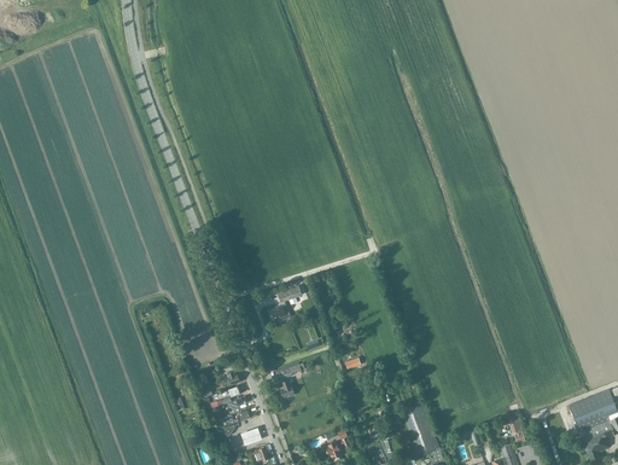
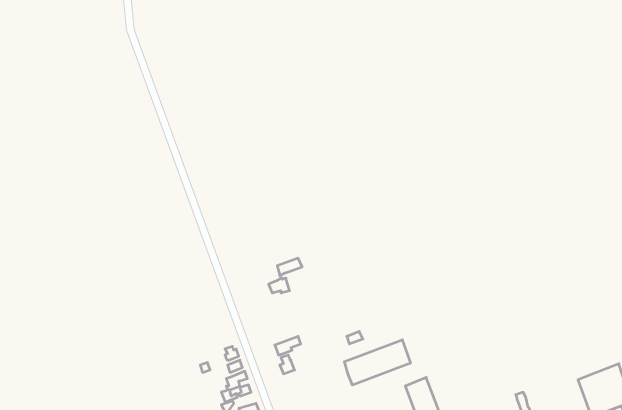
building: none -> [344,340,410,385]

